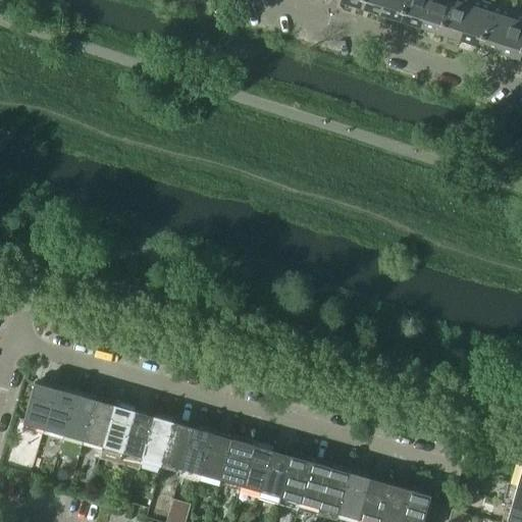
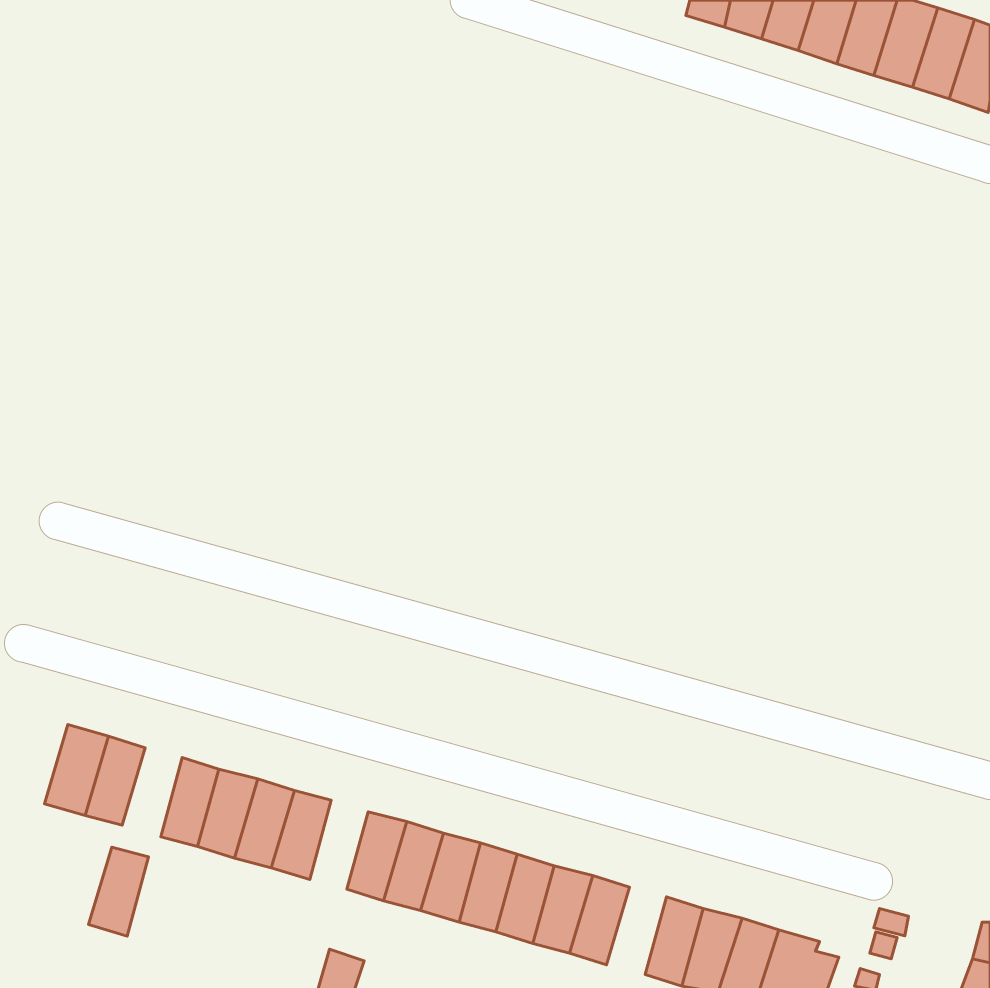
building: [64,395,96,441] -> [89,847,149,936]
building: [163,422,194,469] -> none
building: [319,468,351,514] -> none

